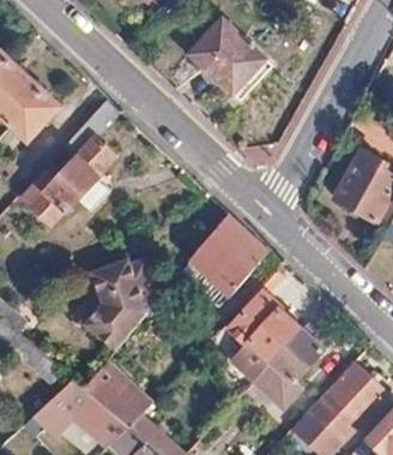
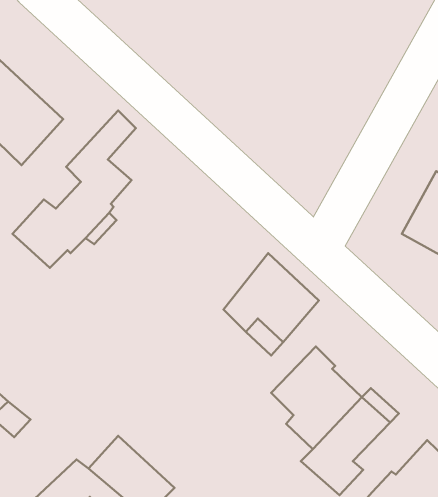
building: [191,19,264,92] -> none
building: [80,257,158,352] -> none

